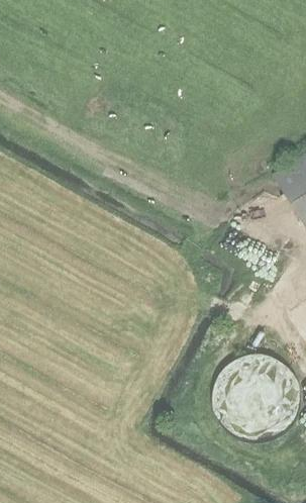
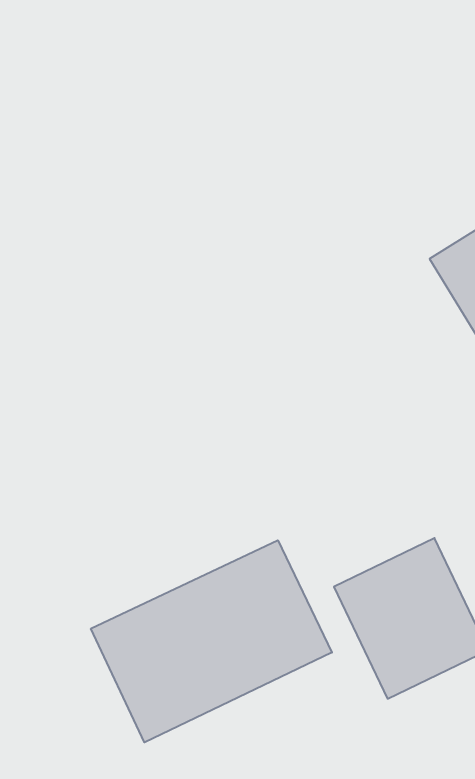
building: none -> [91,540,332,742]

